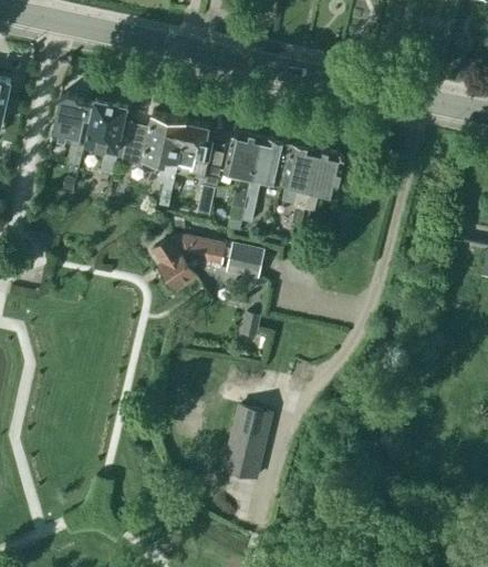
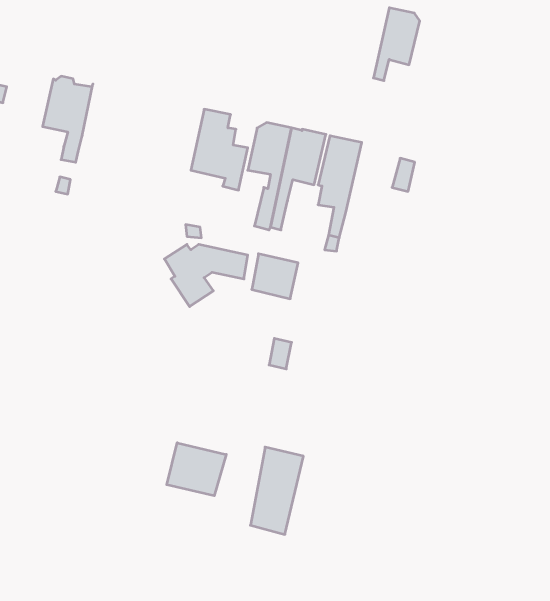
building: [84,102,126,174] -> none
building: [121,114,186,207] -> none
building: [304,151,343,212] -> [373,8,420,81]
building: none -> [167,443,226,496]

